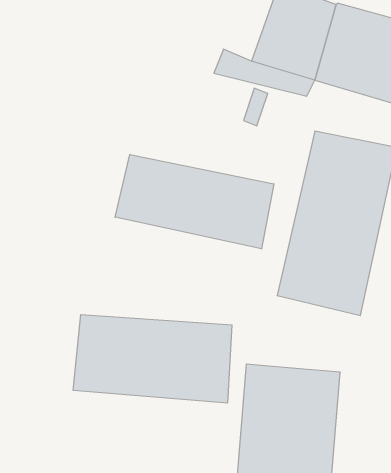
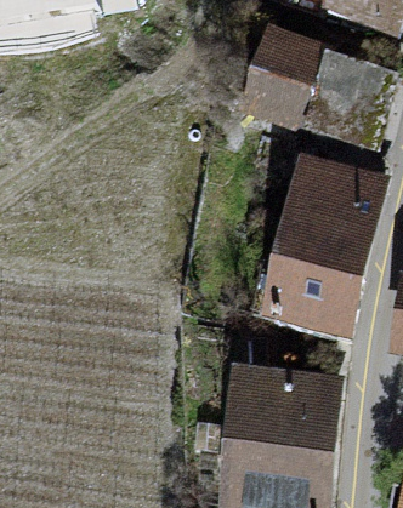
building: [115,154,274,249] -> none
building: [73,315,232,403] -> none

